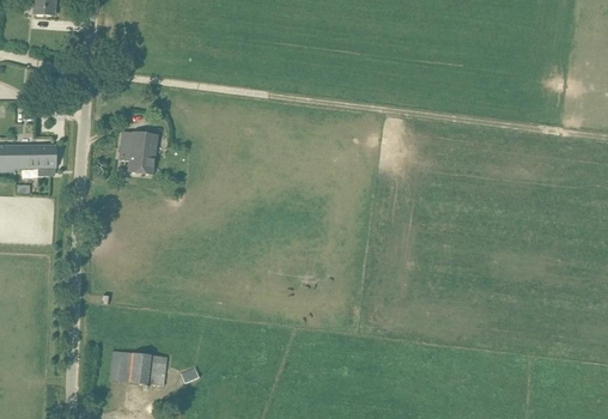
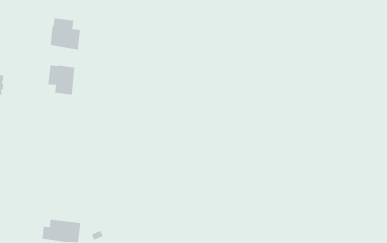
building: none -> [50,18,81,50]

